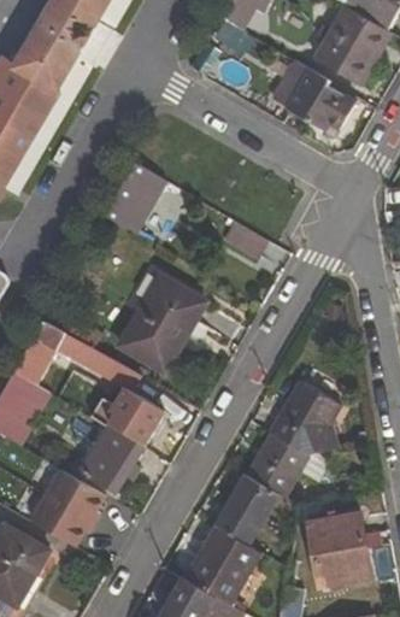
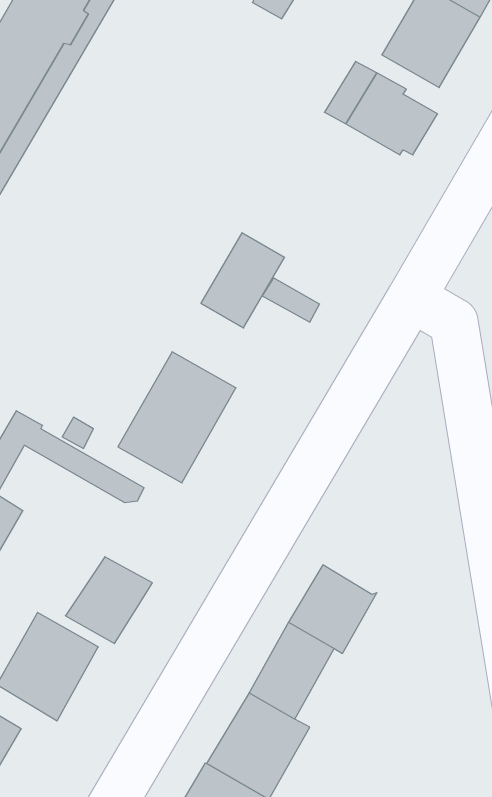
building: [104,164,165,234] -> [201,233,285,328]
building: [269,382,337,454] -> none
building: [108,401,165,446] -> none
building: [306,513,370,587] -> none

